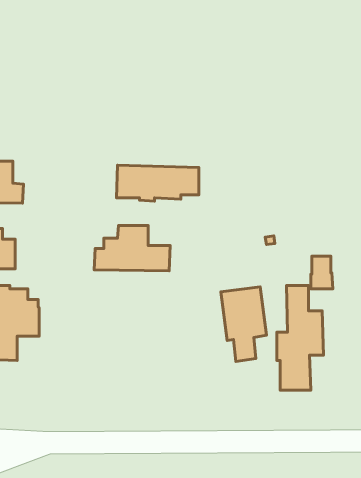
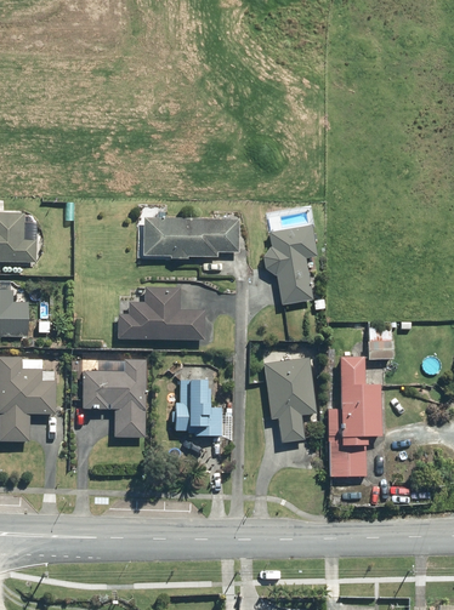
building: none -> [262,224,317,304]
building: none -> [80,359,144,437]
building: none -> [172,378,221,434]

